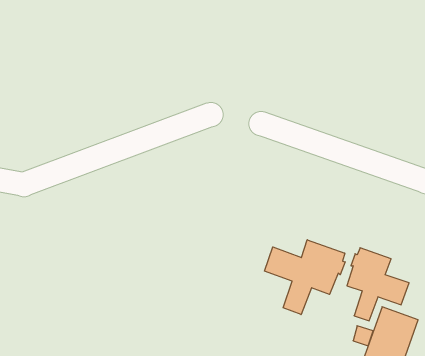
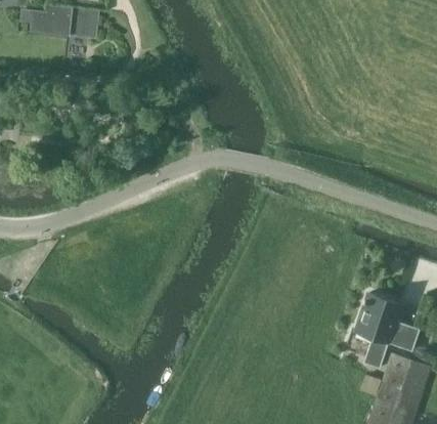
building: [264,240,345,315] -> none

